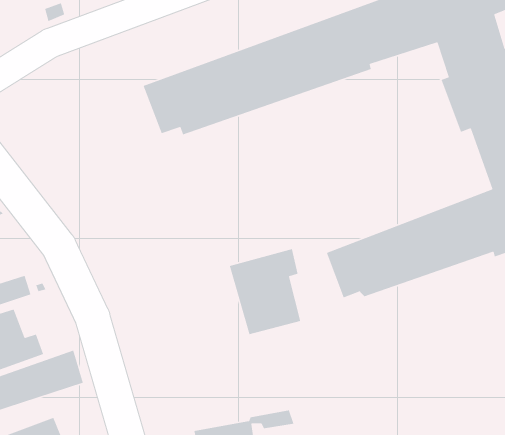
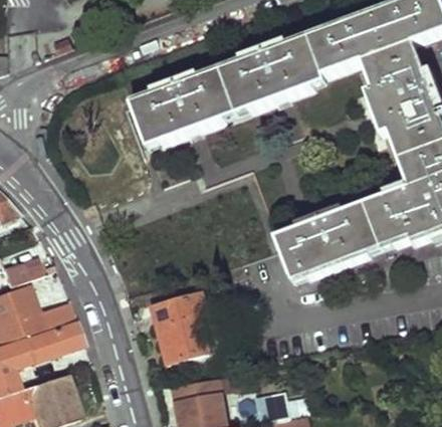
building: [229,248,301,335] -> [149,289,207,360]

